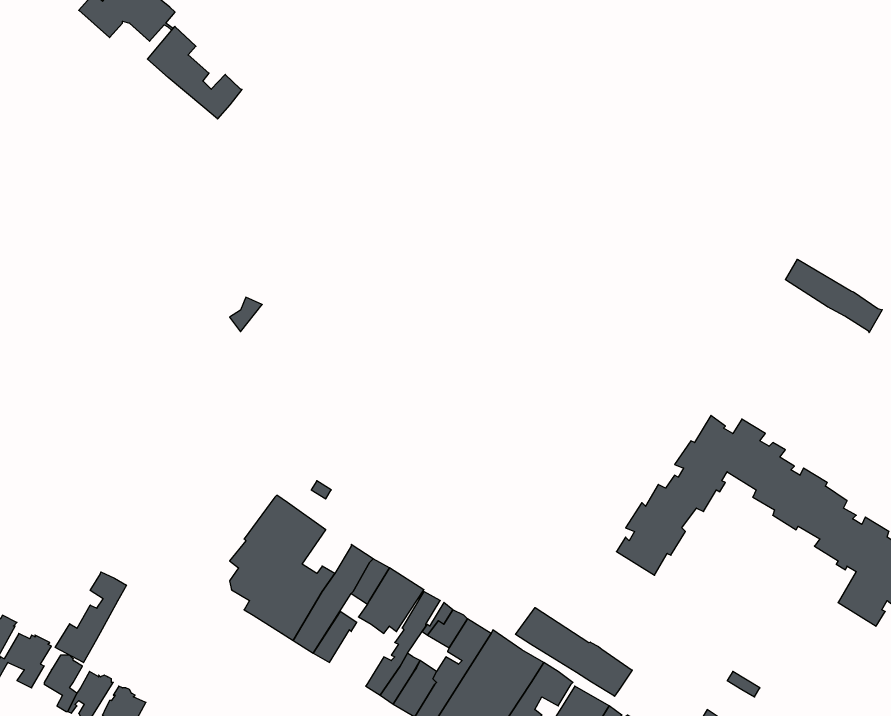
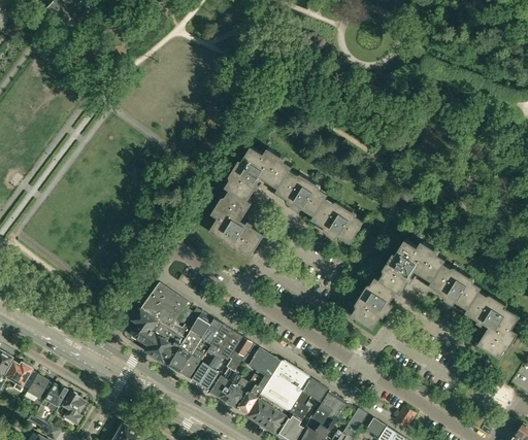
building: [147,26,242,119] -> none
building: none -> [210,147,364,258]
building: [785,259,882,333] -> none
building: [55,572,126,663] -> none
building: [516,608,632,696] -> none
building: none -> [191,357,220,391]

